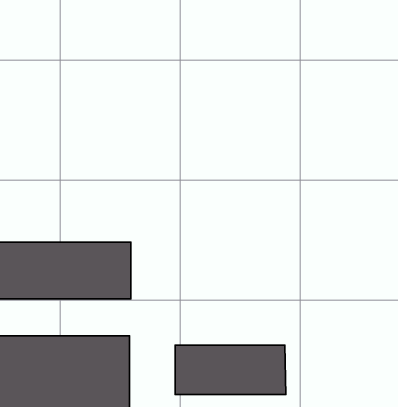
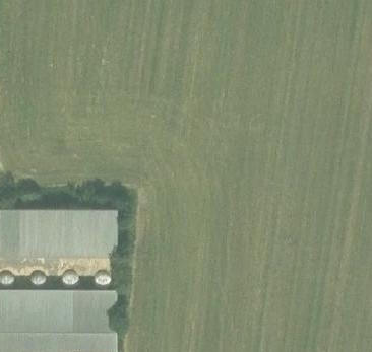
building: [175,345,286,394] -> none

